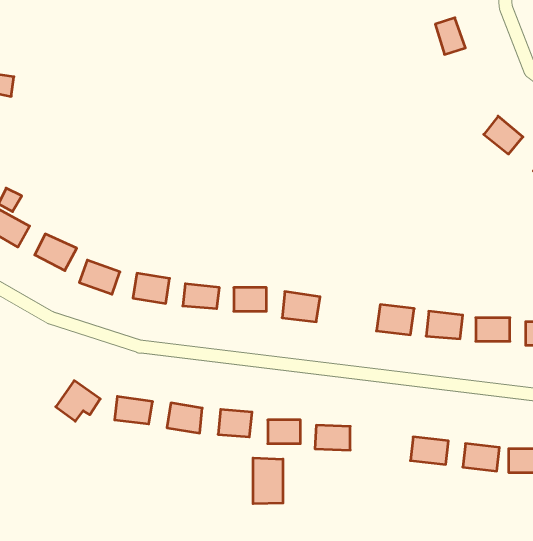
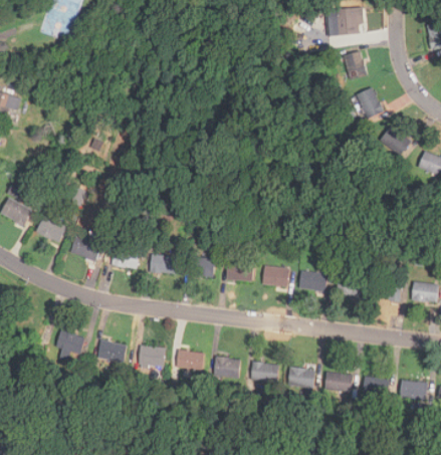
building: none -> [357,87,383,119]
building: none -> [262,265,289,287]
building: none -> [287,367,314,389]
building: [253,458,283,504] -> none

